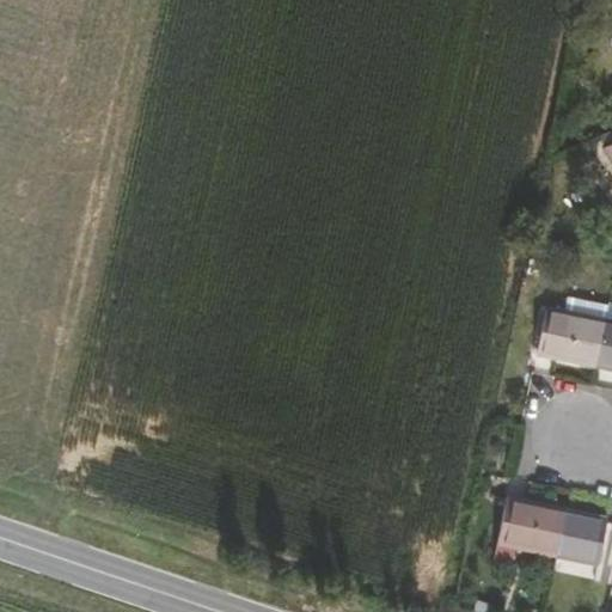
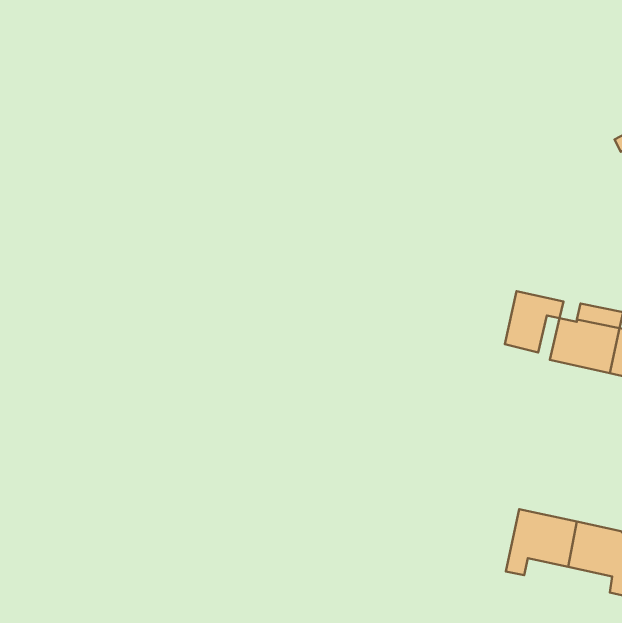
building: none -> [505,291,564,353]

